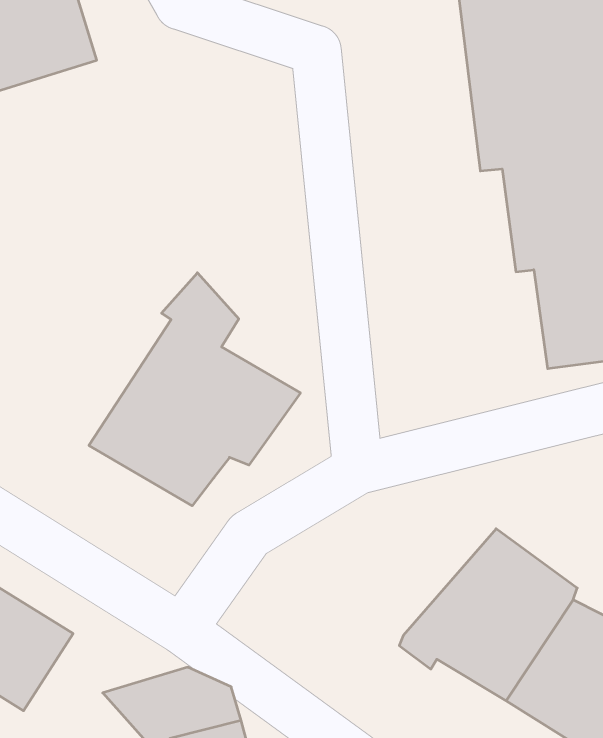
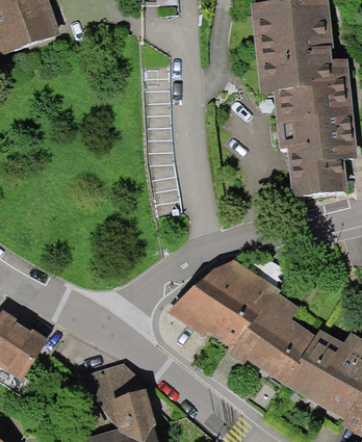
building: [89,273,300,506] -> none
building: none -> [161,259,273,344]

